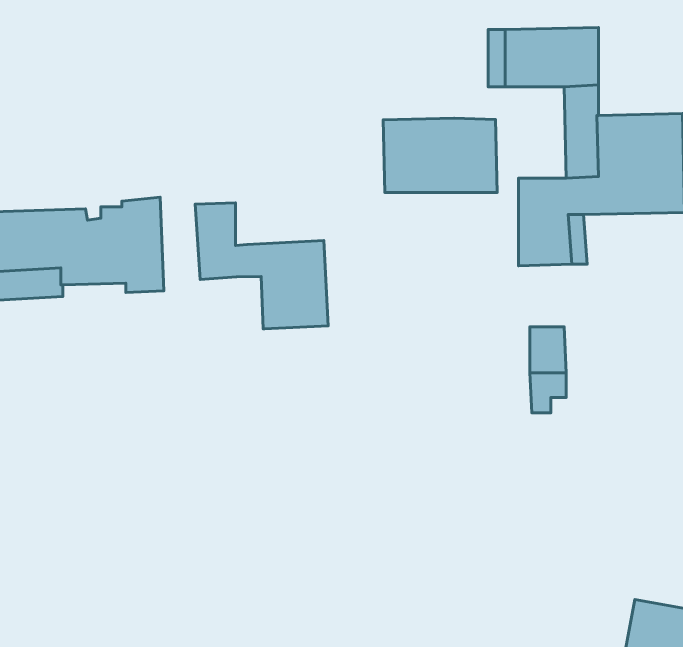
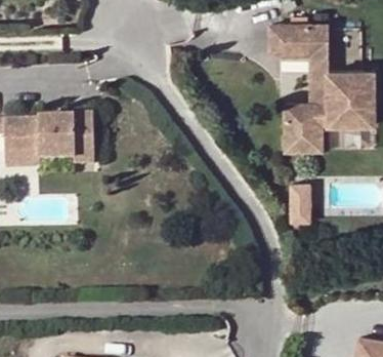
building: [383,118,497,193] -> none
building: [195,203,328,329] -> none

